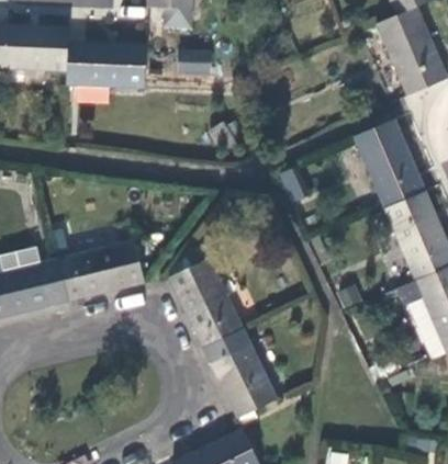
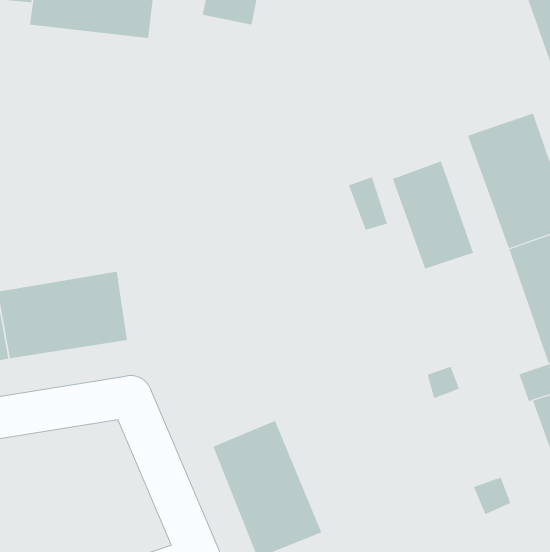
building: none -> [392,160,474,270]
building: [168,246,243,349] -> none

